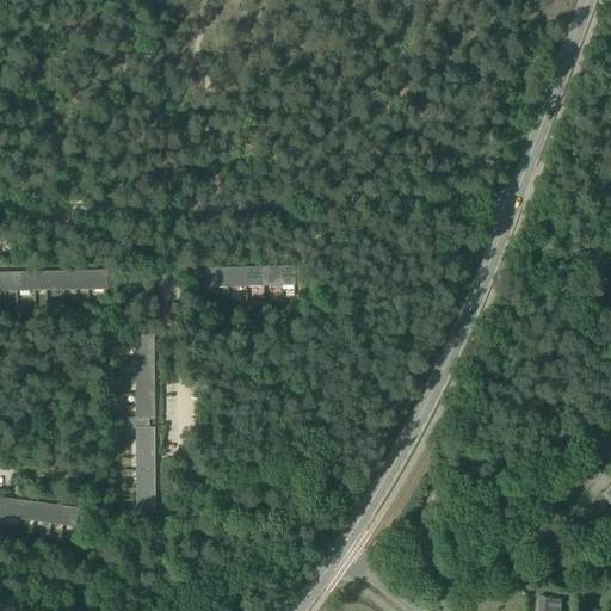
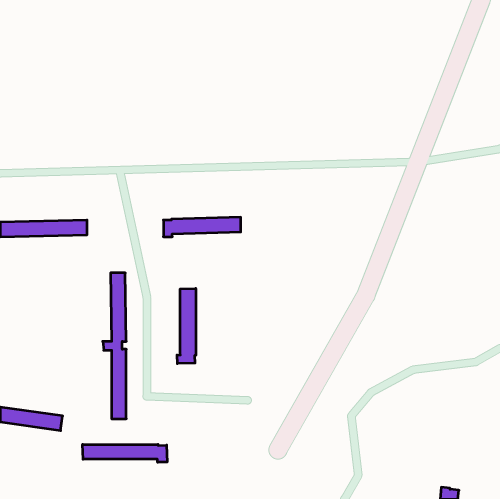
building: none -> [177,288,196,364]
building: none -> [83,444,167,462]

